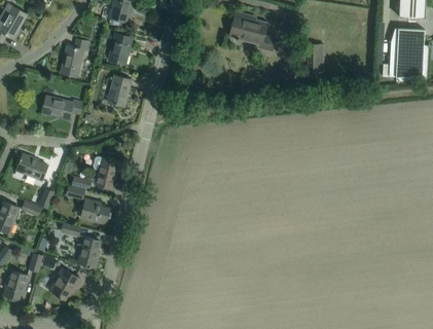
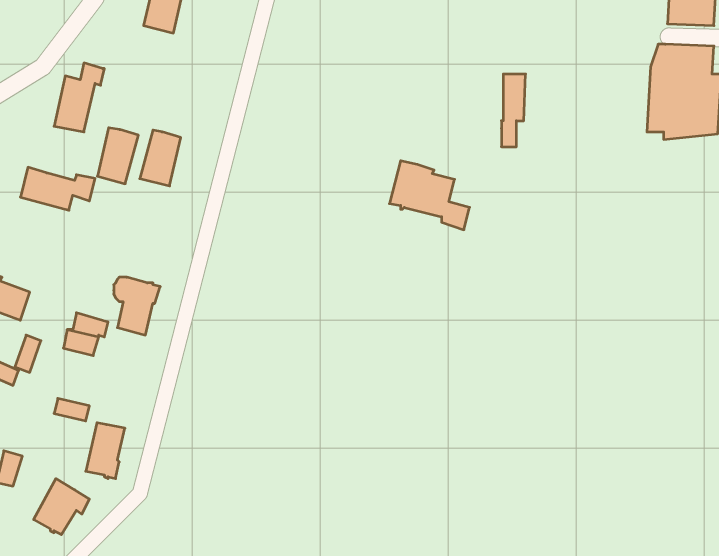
building: [230,12,275,50] -> [389,161,470,230]
building: [109,33,132,64] -> [97,128,138,184]
building: [81,198,110,223] -> none

